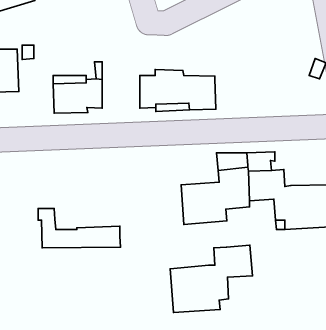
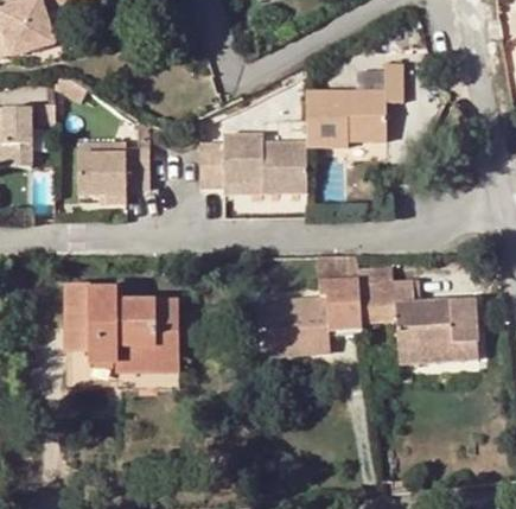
building: none -> [310,59,404,149]
building: none -> [62,282,178,362]
building: [170,245,253,313] -> none

